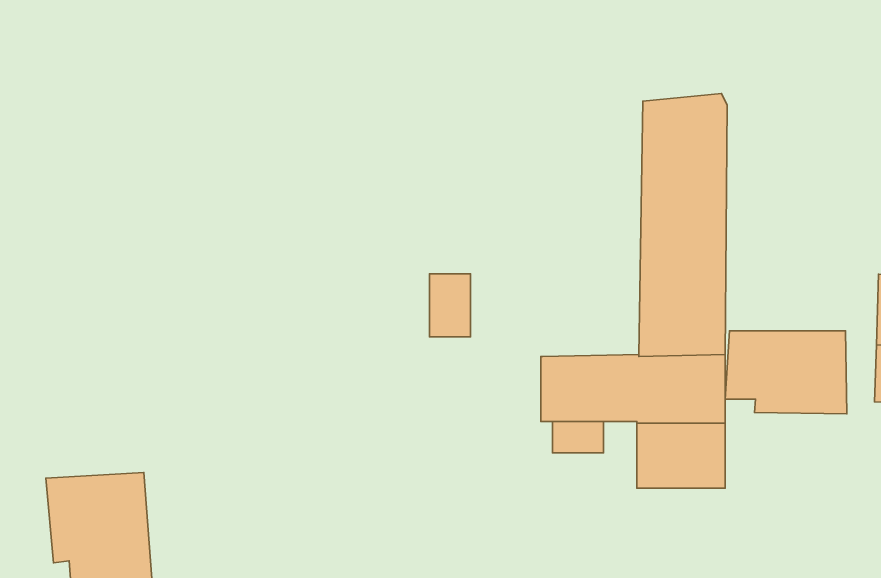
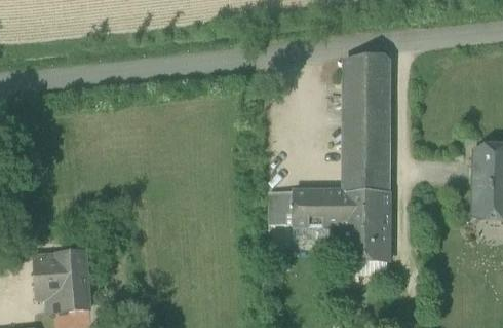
building: [429,274,471,337] -> [271,189,293,222]
building: [725,331,847,414] -> none

